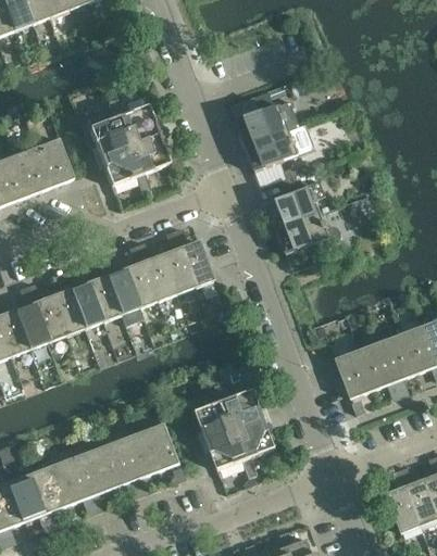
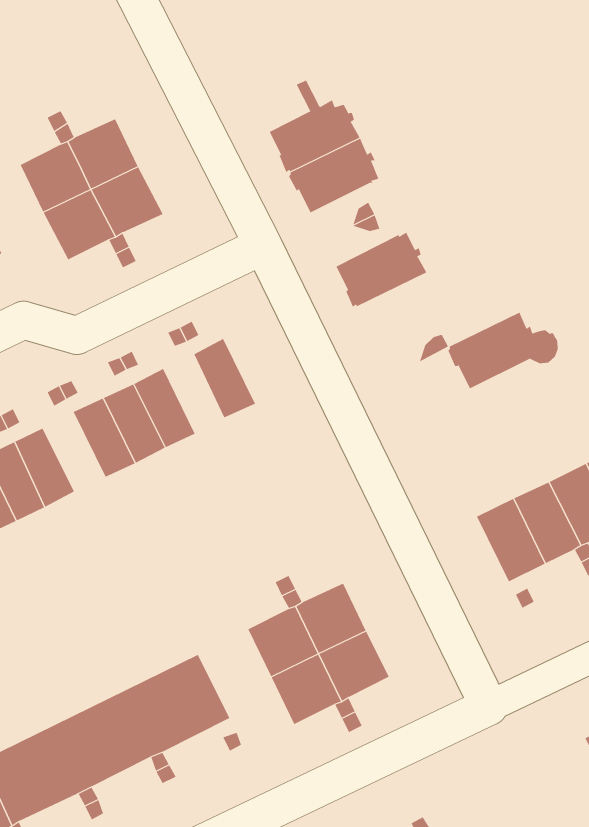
building: [276,212,341,254] -> [447,312,559,389]
building: [161,247,193,293] -> none
building: [87,274,121,320] -> none

